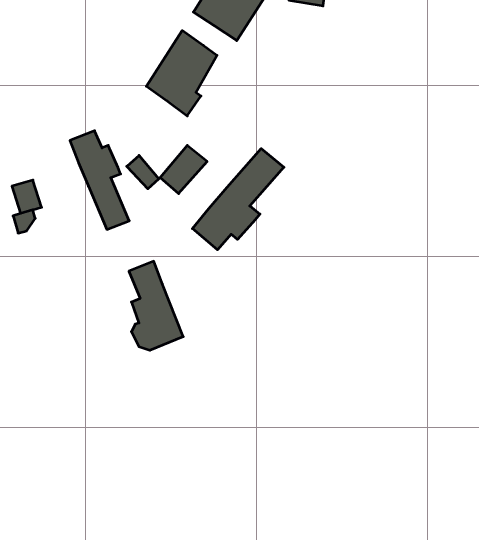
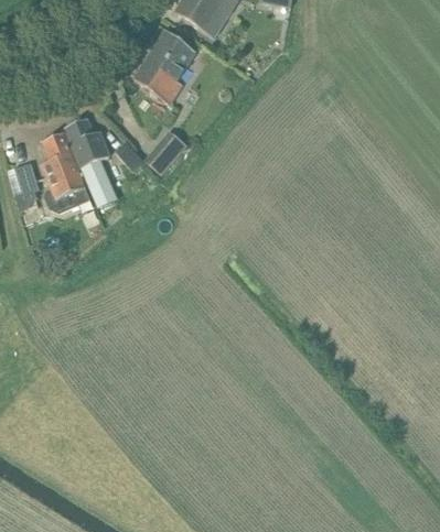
building: [192,149,284,250] -> none
building: [129,261,183,350] -> [41,132,89,211]

